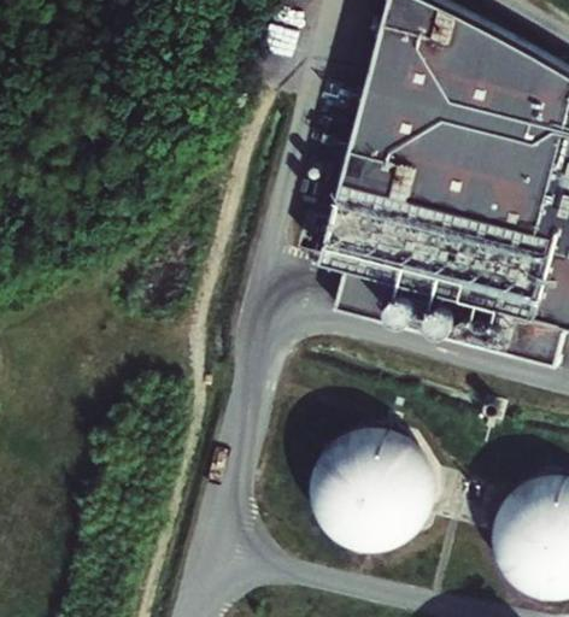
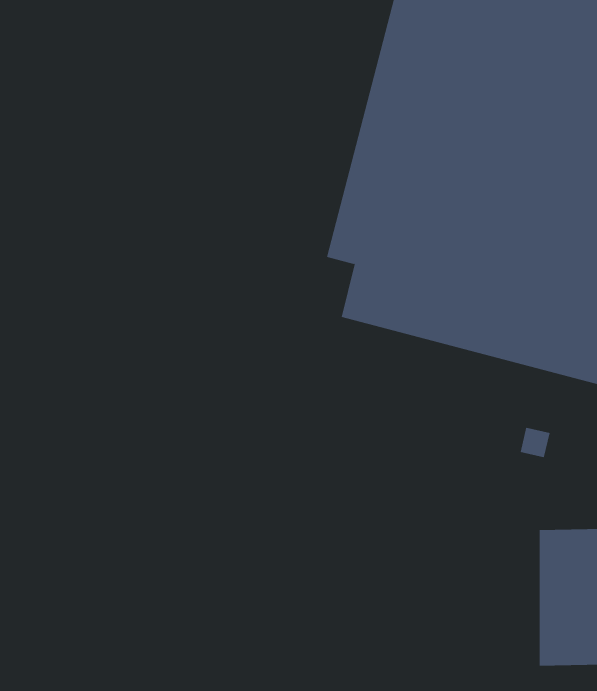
building: [313,428,434,542] -> none

